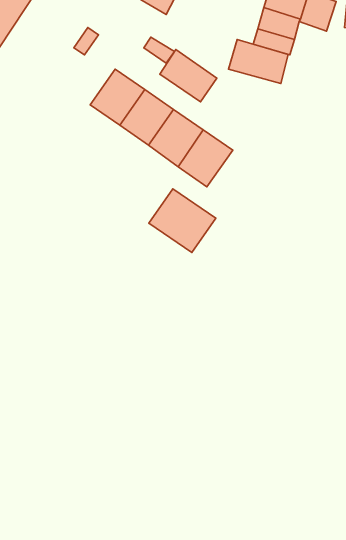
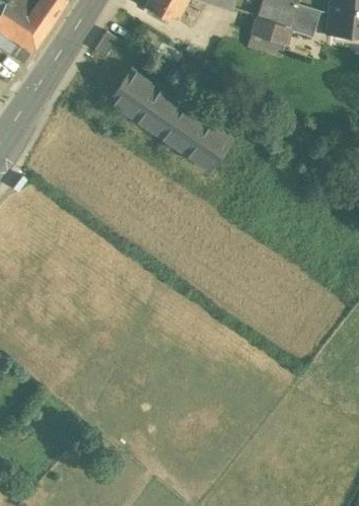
building: [229,40,288,84] -> none
building: [160,49,217,102] -> none
building: [149,189,216,252] -> none

